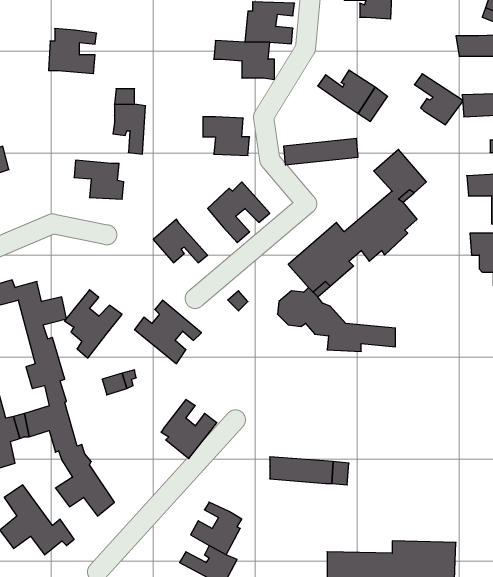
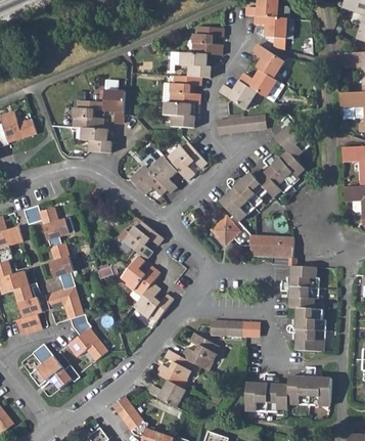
building: [49,29,97,74] -> [74,101,105,131]
building: [414,74,463,125] -> [254,45,285,79]
building: none -> [172,74,203,101]
building: none -> [219,80,257,108]
building: none -> [142,156,177,194]
building: [65,290,122,358] -> [123,260,161,305]
building: none -> [288,264,324,349]
building: none -> [181,337,218,374]

